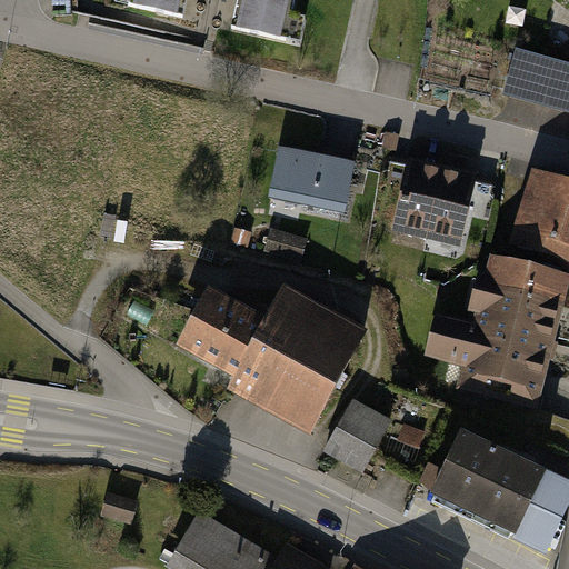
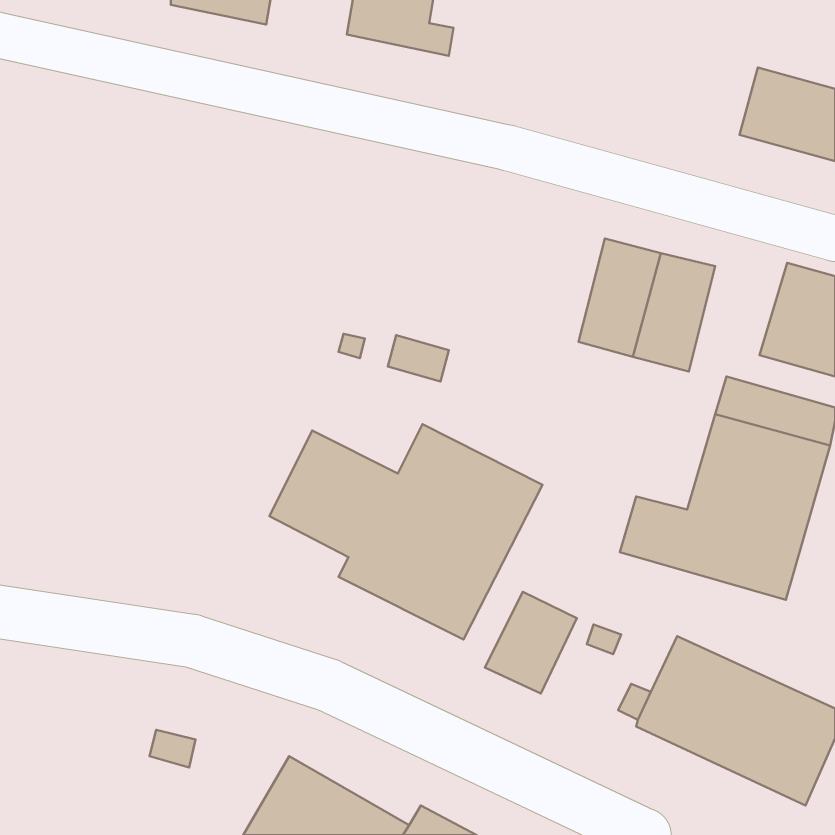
building: [272,131,360,206] -> none

